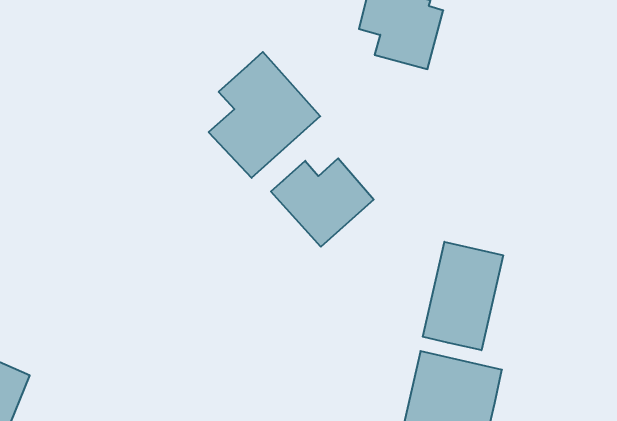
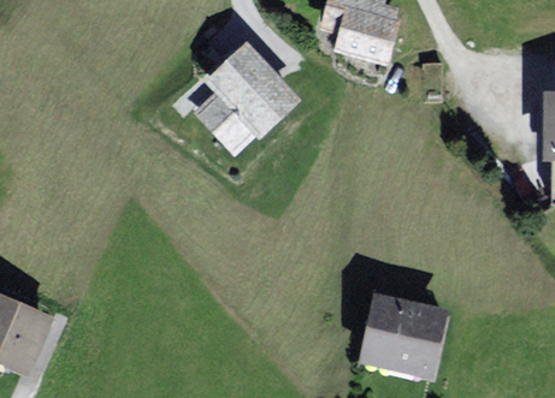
building: [271,158,374,247] -> none
building: [423,242,503,350] -> none

